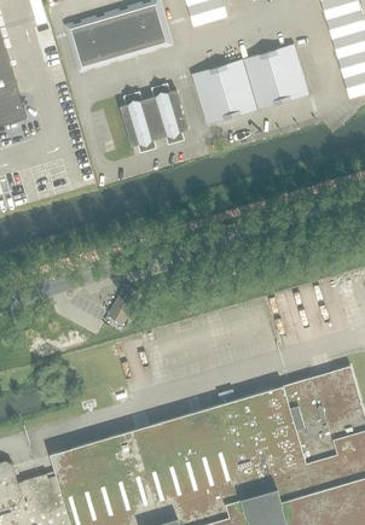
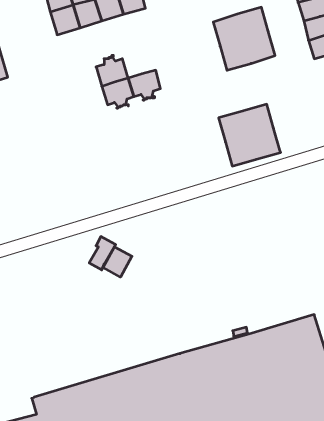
building: [191,59,256,124] -> [219,104,281,166]
building: [146,87,181,118] -> none
building: none -> [103,247,132,277]

